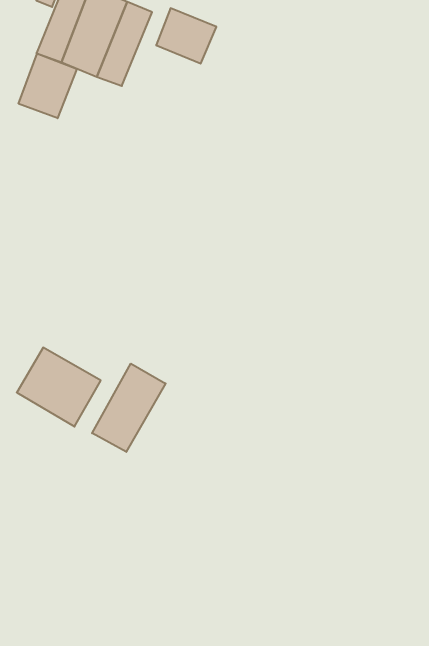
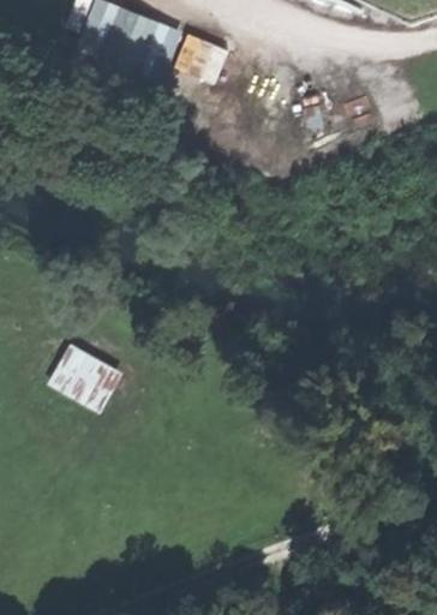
building: [19,53,77,118] -> none
building: [92,364,166,452] -> none

